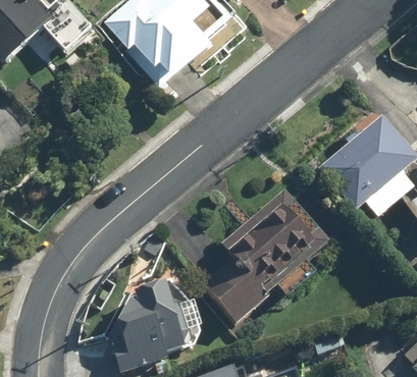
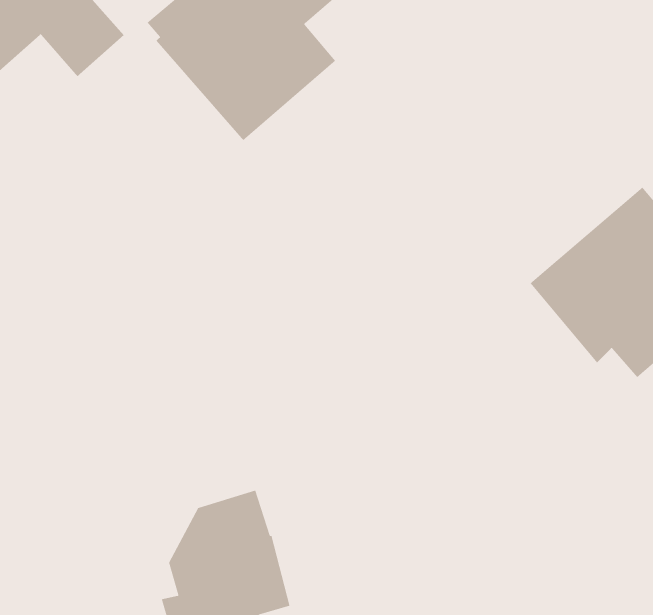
building: [200,187,328,324] -> none

